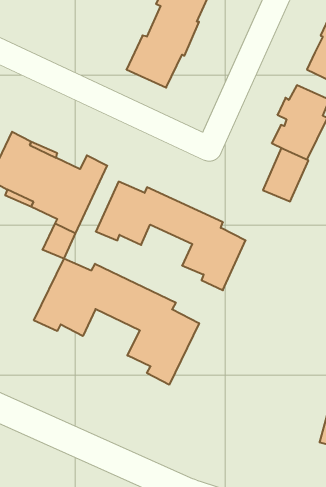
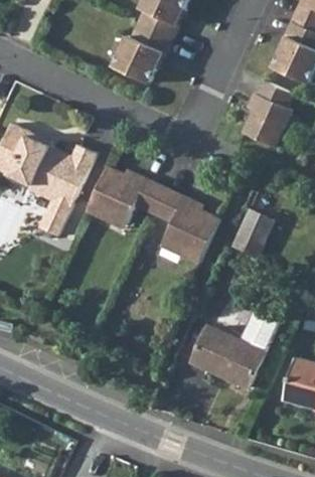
building: [263,148,308,201] -> [231,209,272,257]
building: [34,259,199,385] -> none
building: none -> [192,310,280,388]

